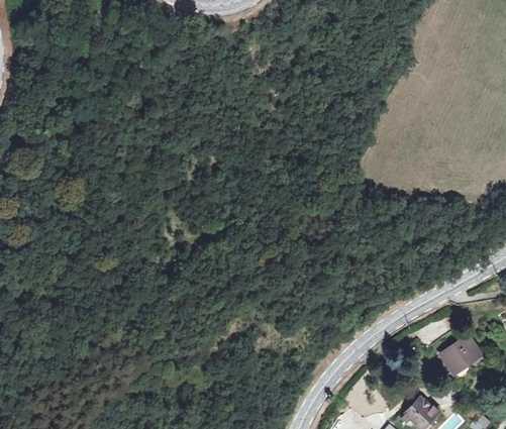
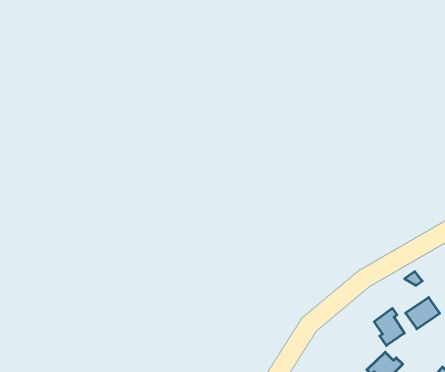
building: none -> [374,308,404,346]

